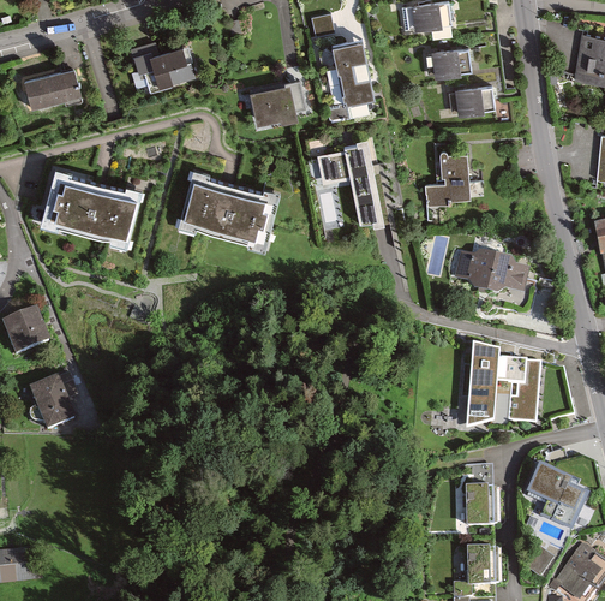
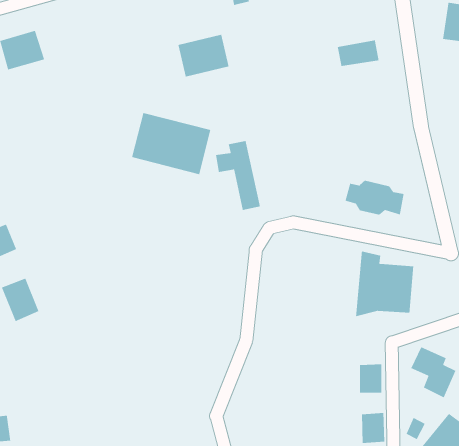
building: [128,41,196,90] -> none
building: [321,44,371,121] -> none
building: [420,44,469,79] -> none
building: [324,137,381,225] -> [215,140,261,211]
building: [423,150,467,206] -> none
building: [46,169,146,246] -> none

